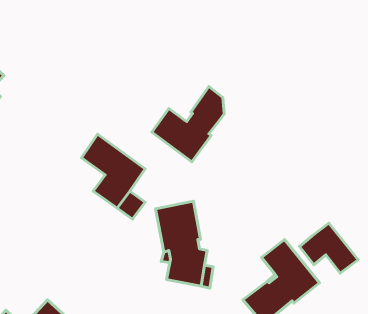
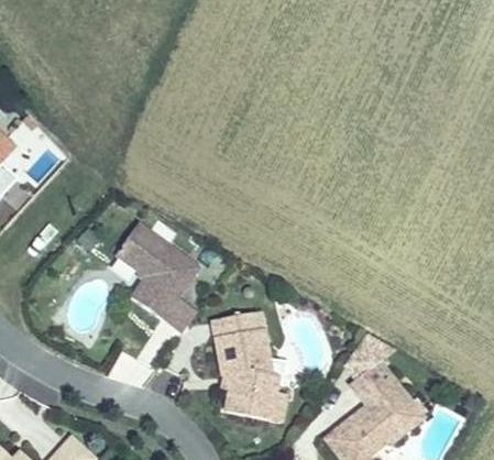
building: [152,87,224,162] -> none
building: [299,223,358,273] -> none

